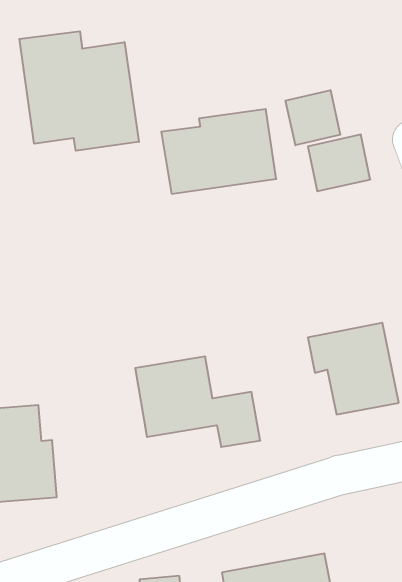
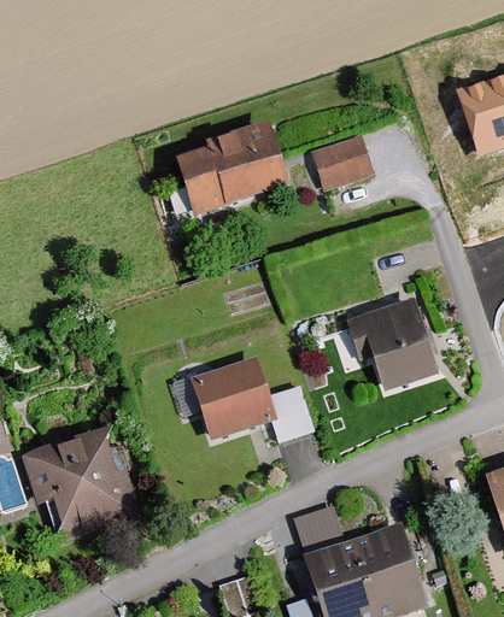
building: [19,31,139,151] -> none
building: [286,90,340,145] -> none

